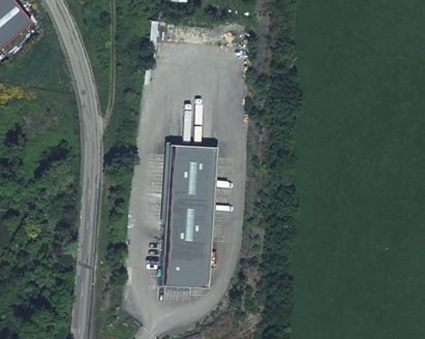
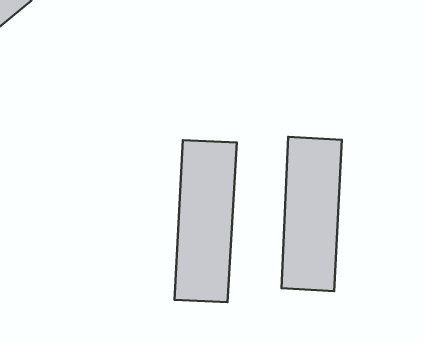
building: none -> [282,137,342,291]

